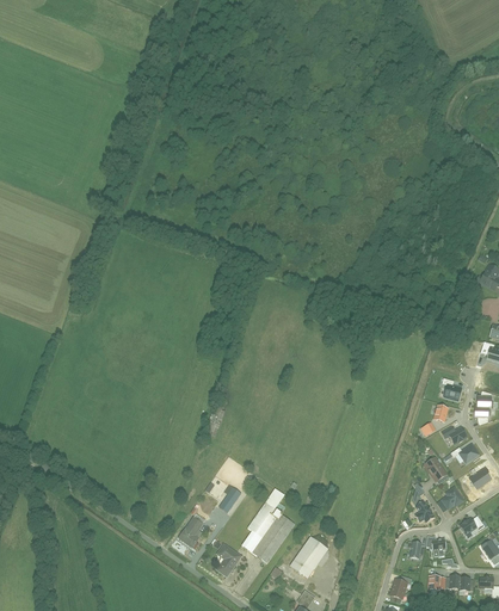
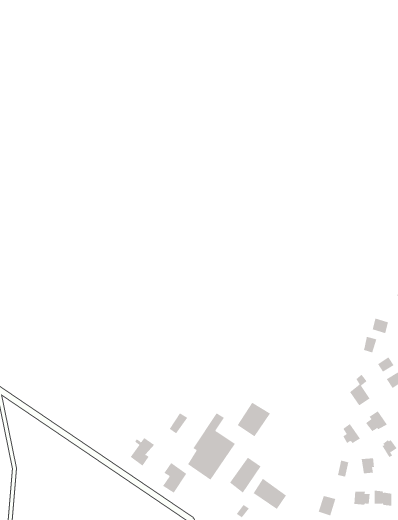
building: none -> [237,402,271,437]
building: none -> [253,478,287,510]

